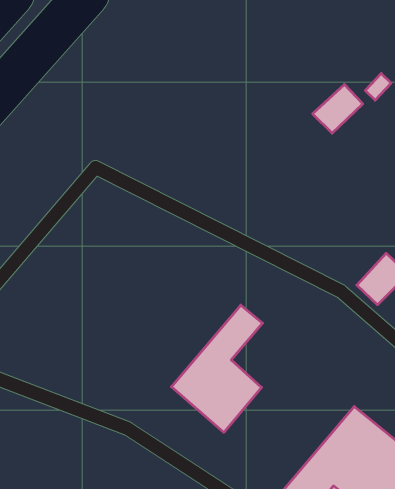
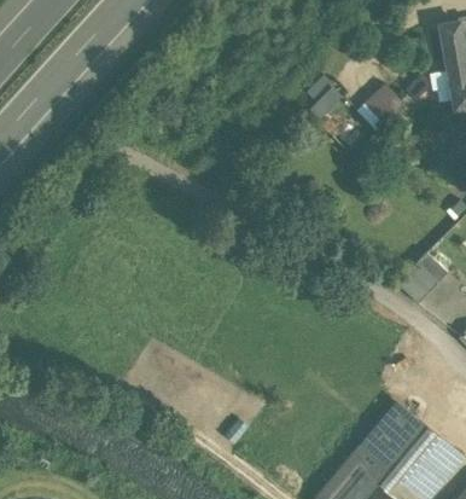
building: none -> [302,75,348,121]
building: [171,305,263,432] -> none

